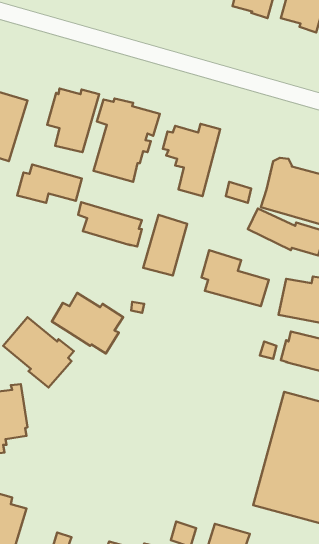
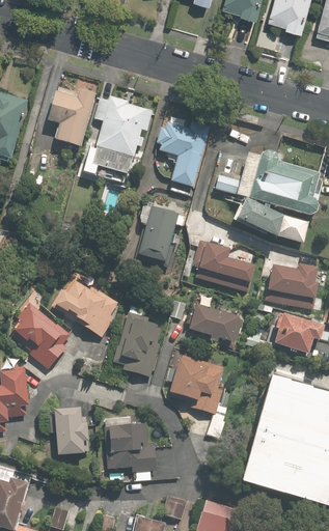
building: [17,165,82,203] -> none
building: [78,202,142,246] -> none
building: none -> [114,305,162,376]
building: none -> [189,305,239,343]
building: none -> [169,354,224,414]
building: none -> [50,408,89,455]
building: none -> [105,423,158,480]

